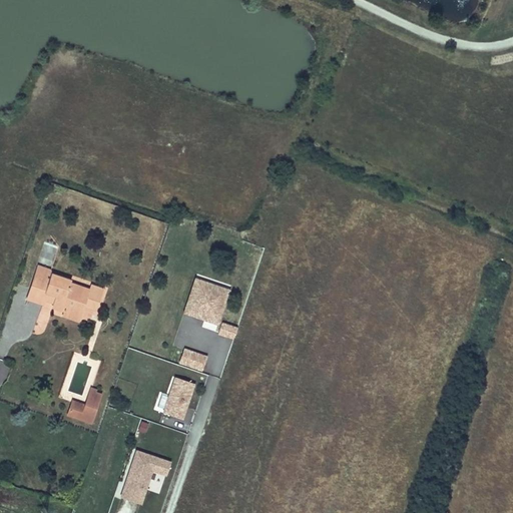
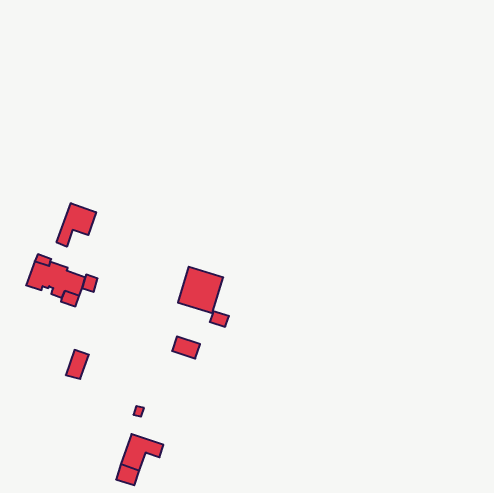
building: none -> [57,203,96,247]
building: [162,378,195,421] -> none
building: [66,387,101,422] -> none

